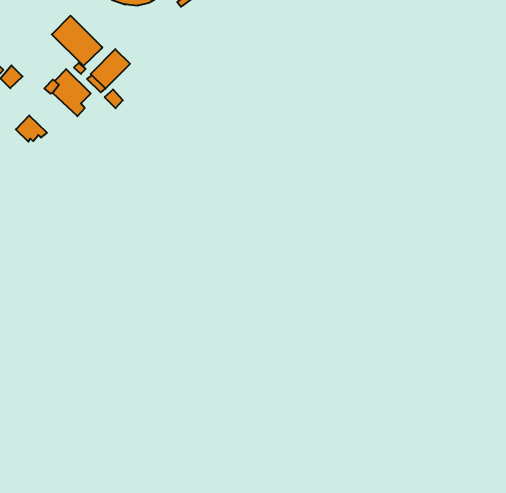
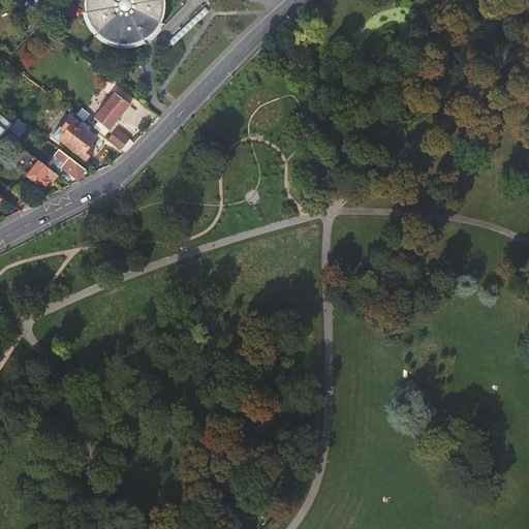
building: [52,16,102,66] -> none
building: none -> [46,148,86,178]

